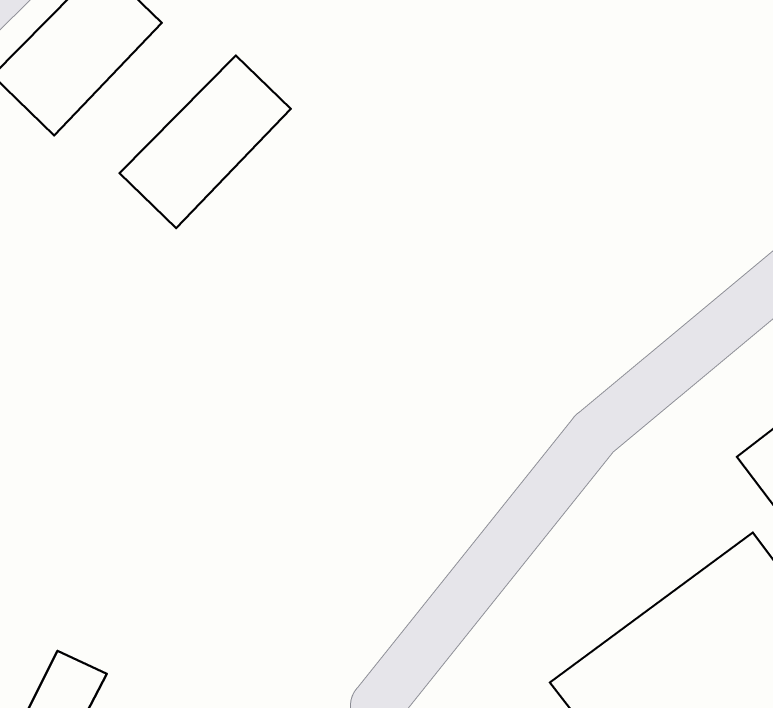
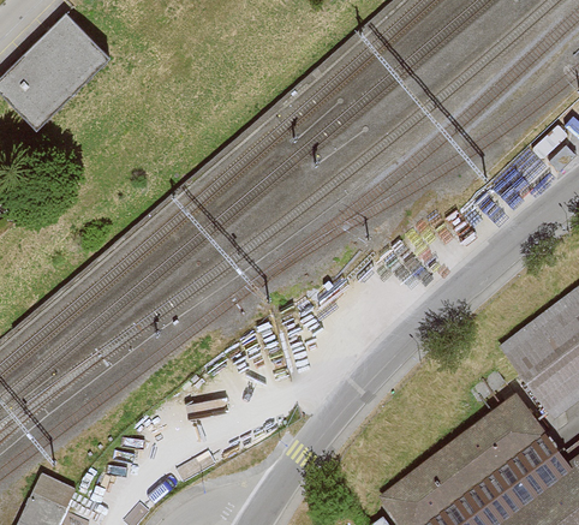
building: [119,55,291,228] -> none

